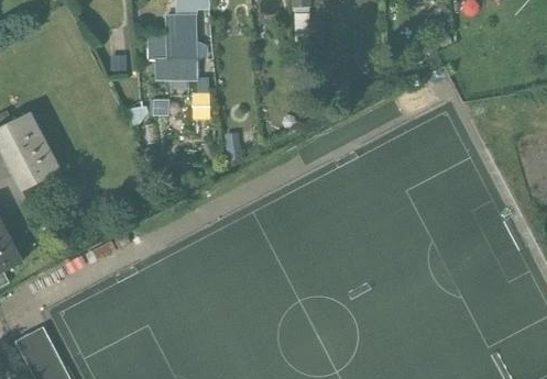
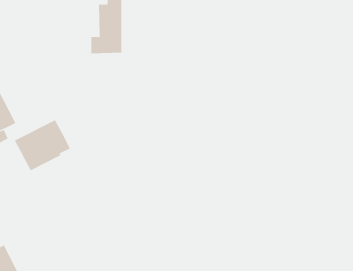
building: none -> [14,119,71,171]

